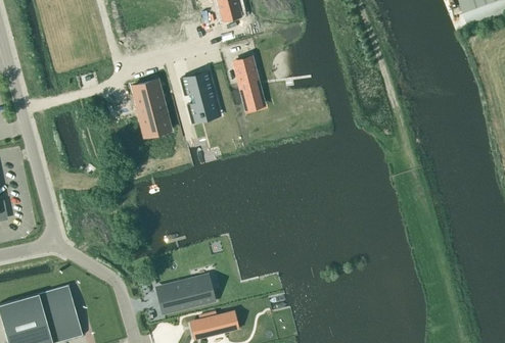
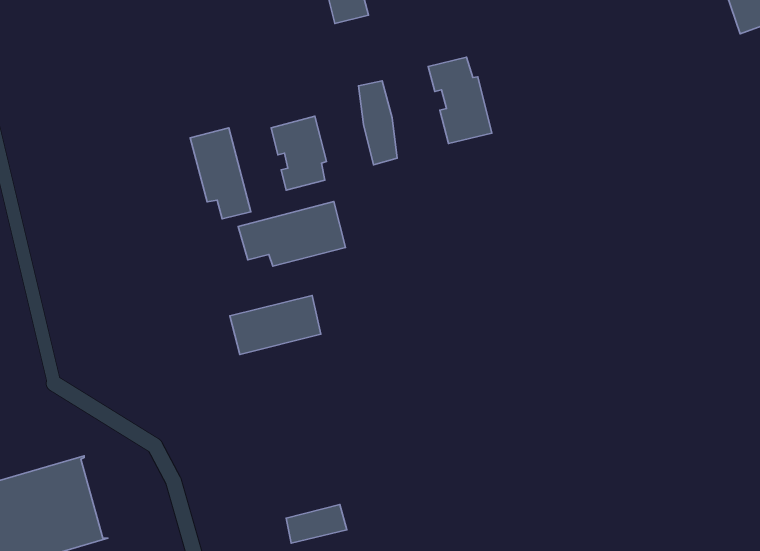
building: none -> [428,57,492,143]
building: none -> [238,202,346,266]
building: [156,275,212,310] -> [230,296,321,354]

